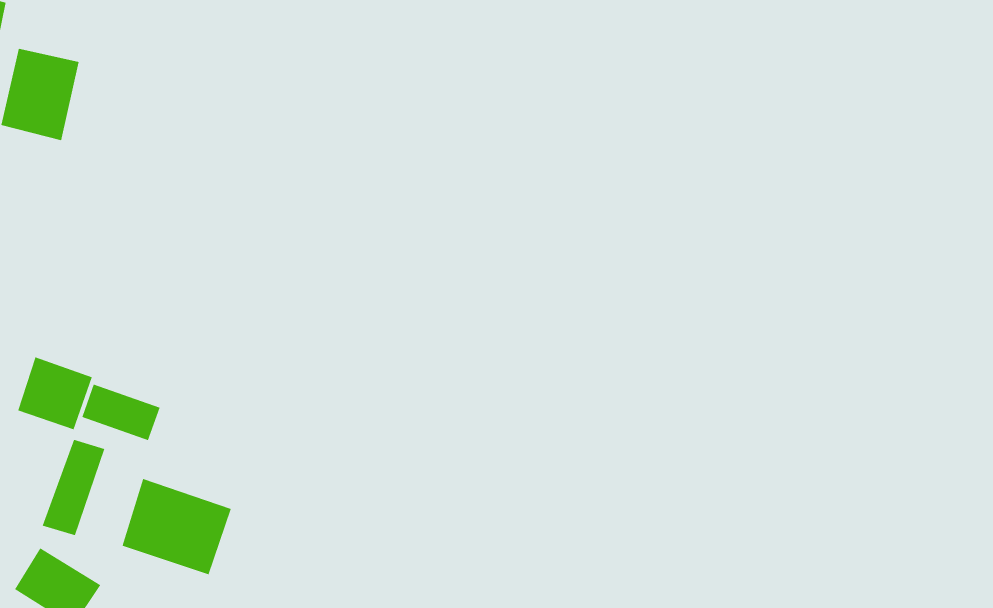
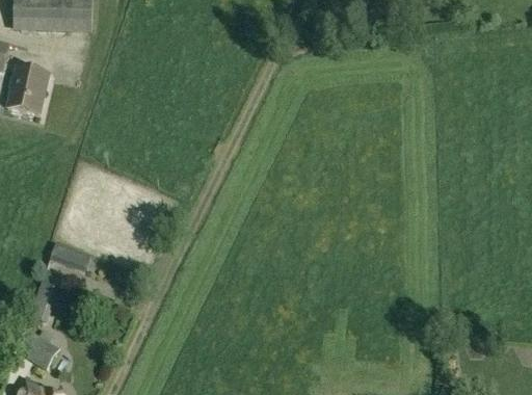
building: [17,356,93,430] -> none
building: [122,478,232,575] -> none

